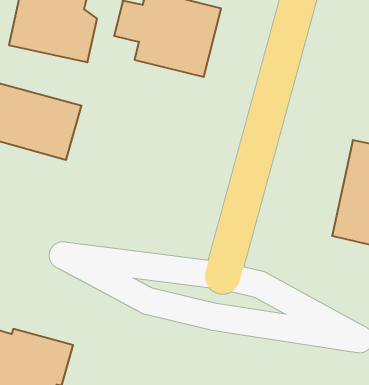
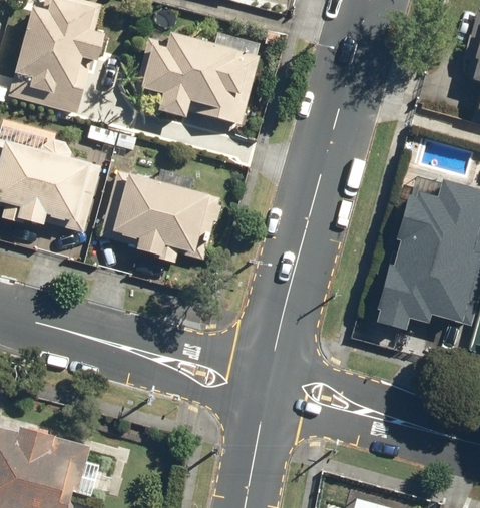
building: none -> [101,174,218,260]

